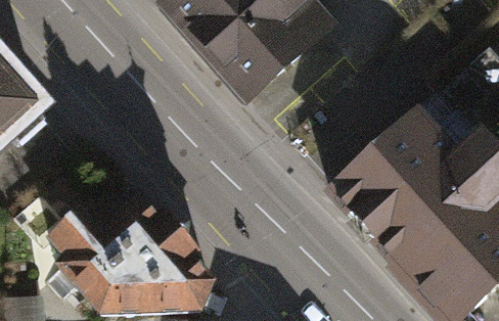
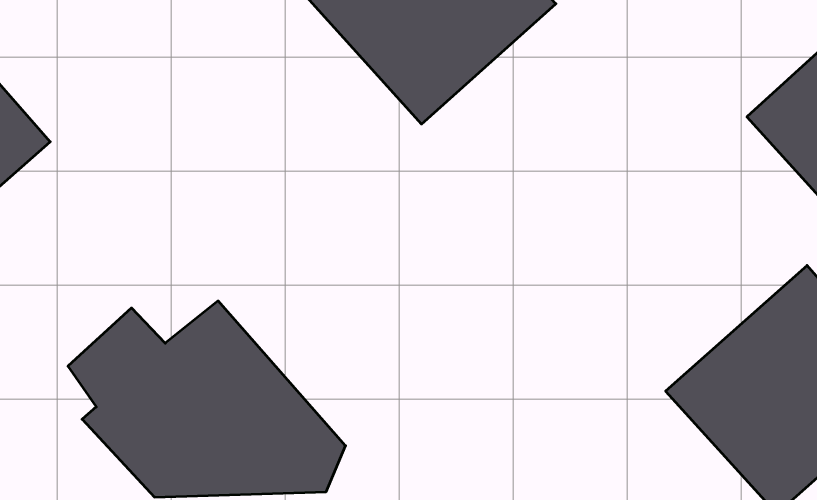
building: [330,112,472,253] -> none

